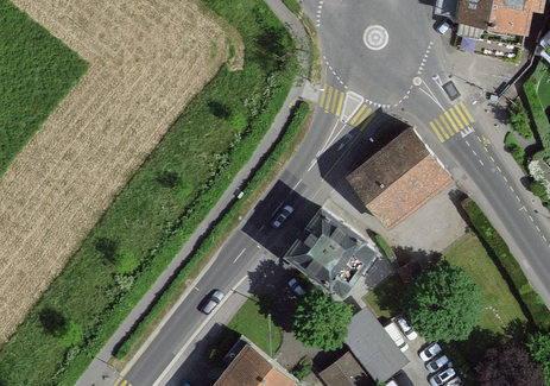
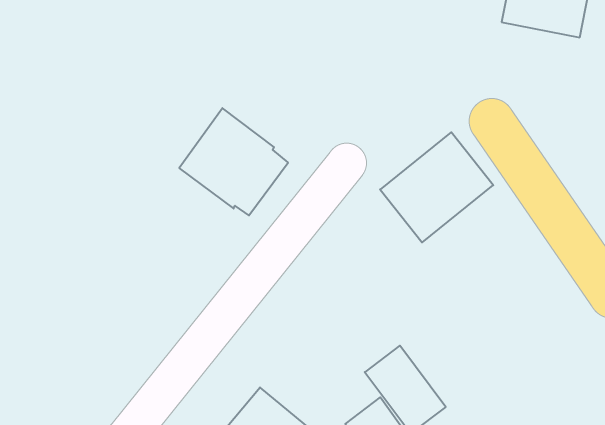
building: [283,203,375,295] -> [179,108,288,215]

